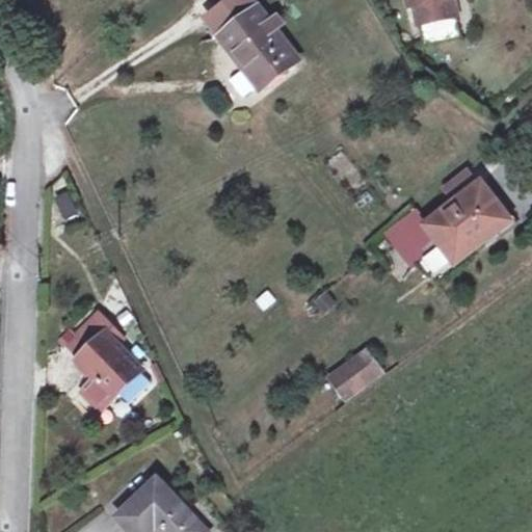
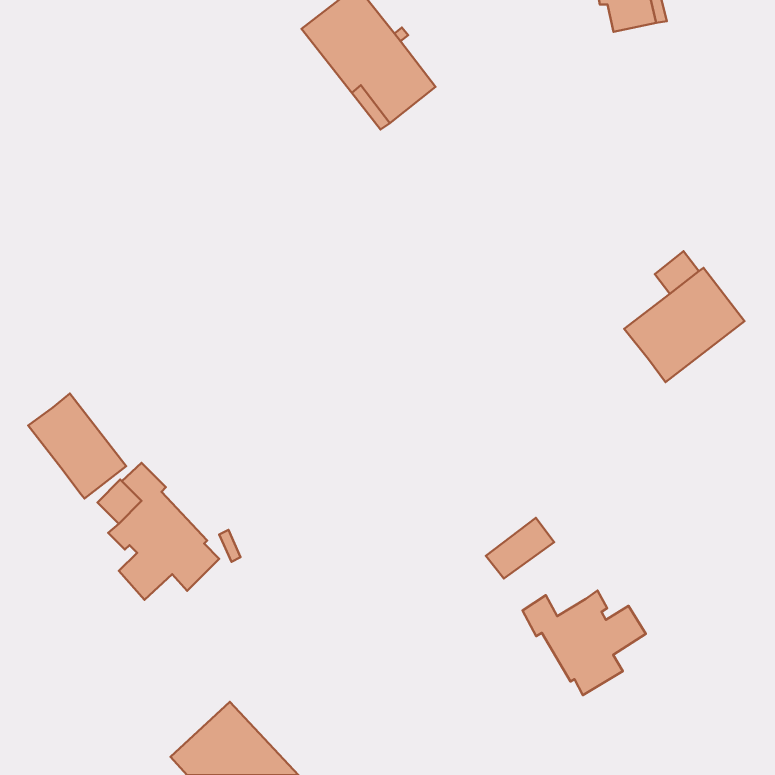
building: [384,208,443,268] -> none
building: none -> [28,393,126,498]
building: none -> [522,591,646,695]

